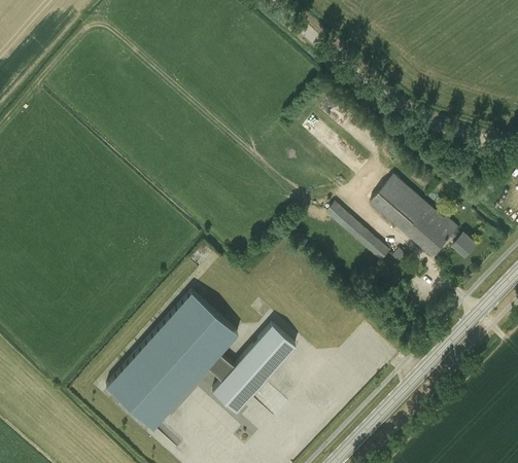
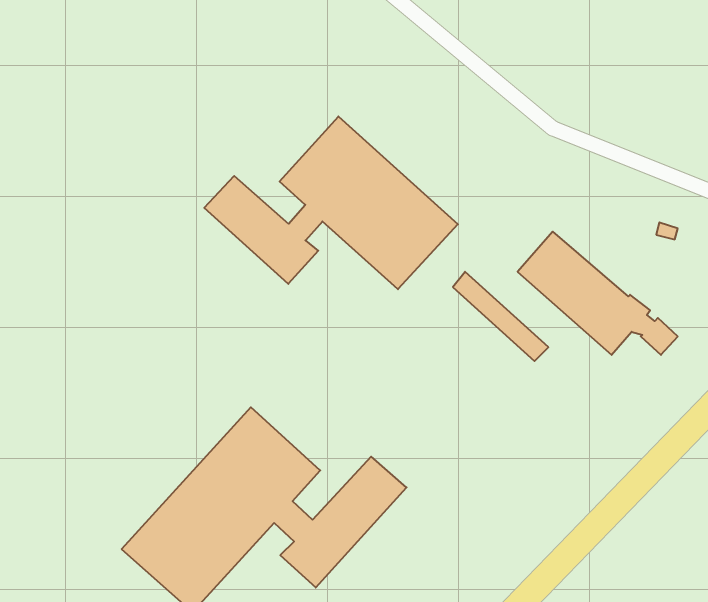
building: none -> [204,116,458,289]

